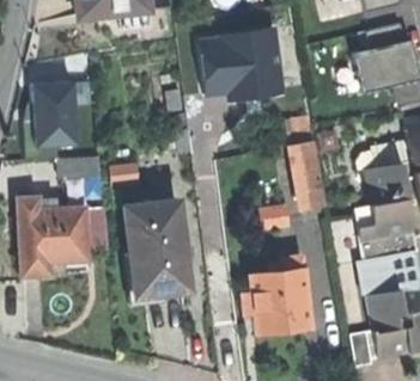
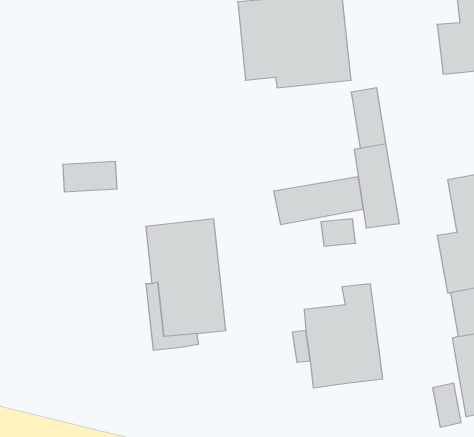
building: [31,76,79,142] -> none
building: none -> [274,177,363,225]
building: [18,198,85,276] -> none

